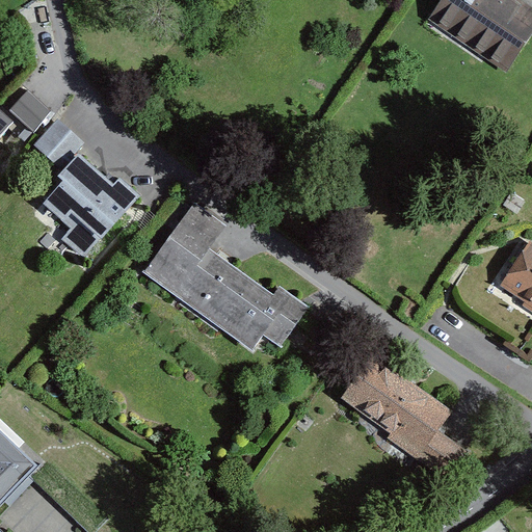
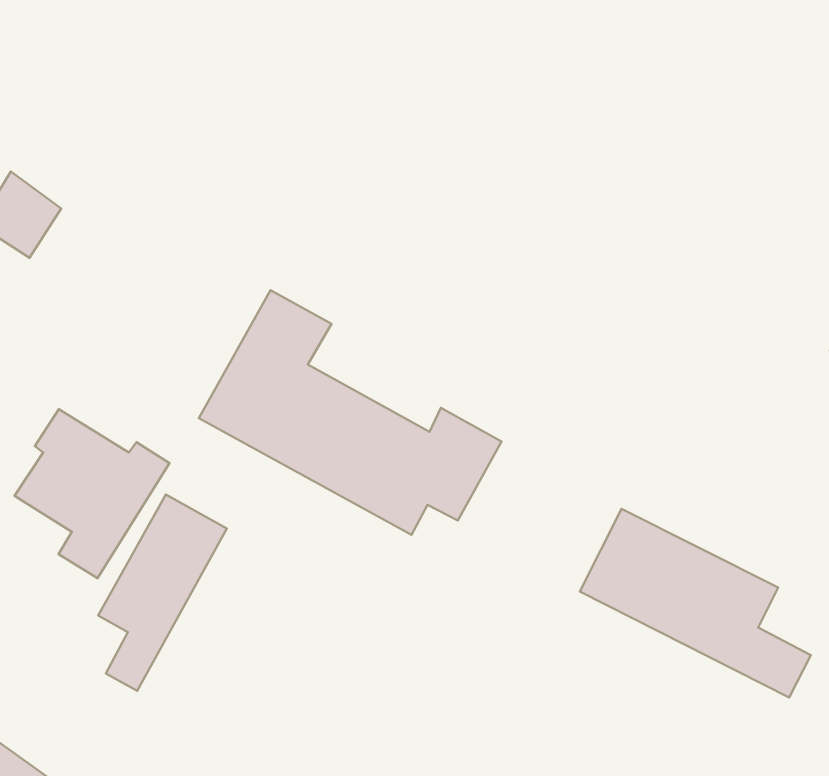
building: [45,155,134,252] -> [14,409,169,578]
building: none -> [98,495,227,691]

